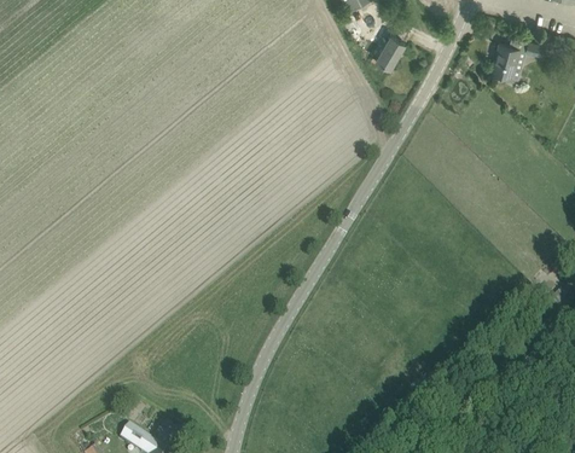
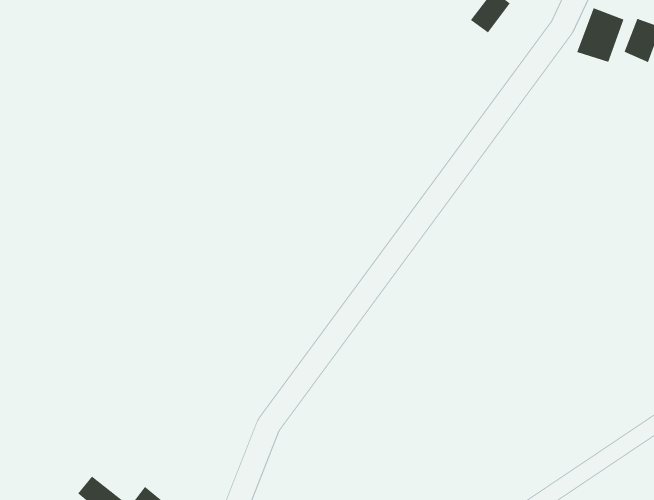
building: none -> [576,7,625,63]

